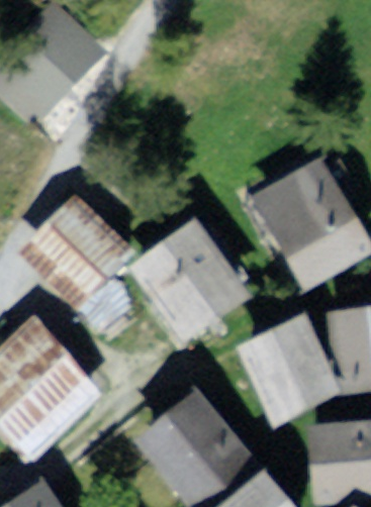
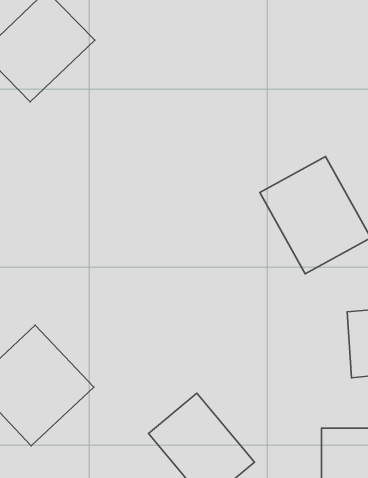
building: [33,198,130,294] -> none
building: [140,228,240,330] -> none
building: [250,320,339,411] -> none

